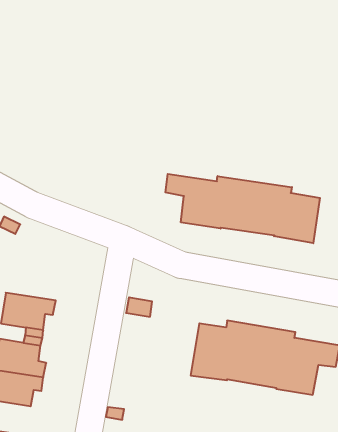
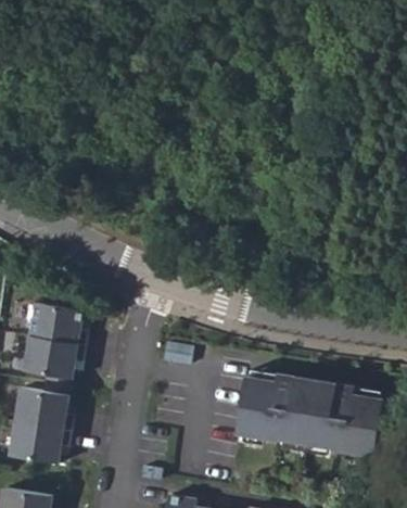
building: [165,174,320,243] -> none
building: none -> [26,306,85,348]

